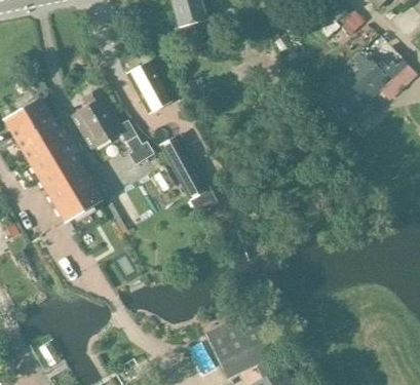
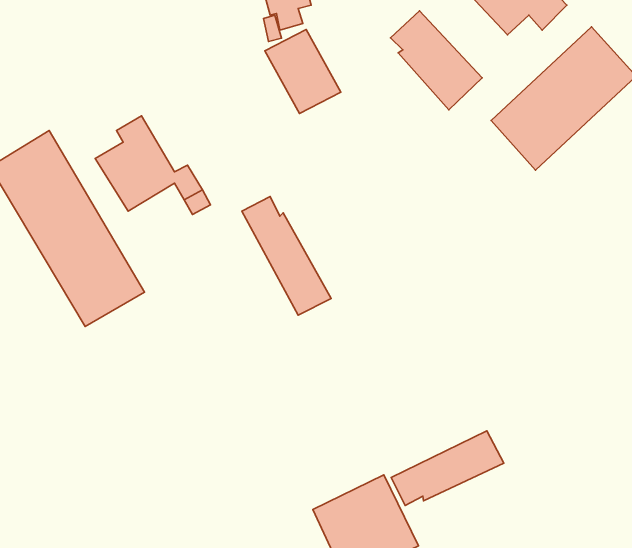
building: none -> [391,11,482,110]
building: [126,61,174,113] -> [265,29,341,113]
building: none -> [391,431,504,506]

